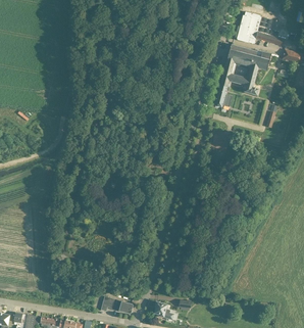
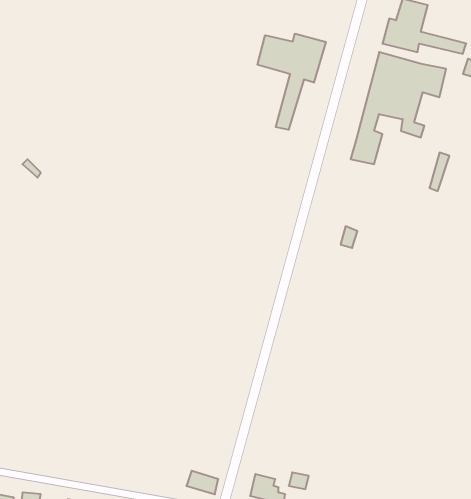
building: none -> [257,34,326,130]

